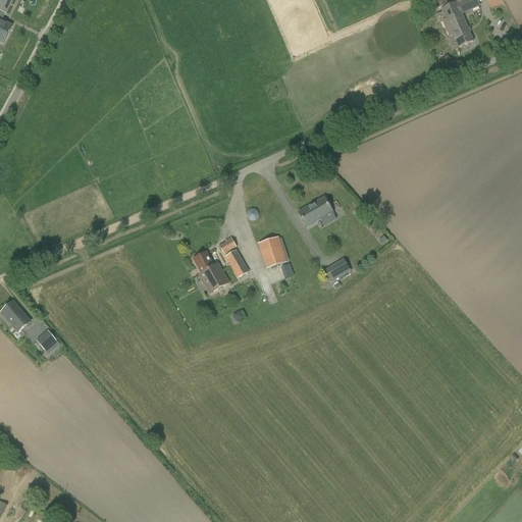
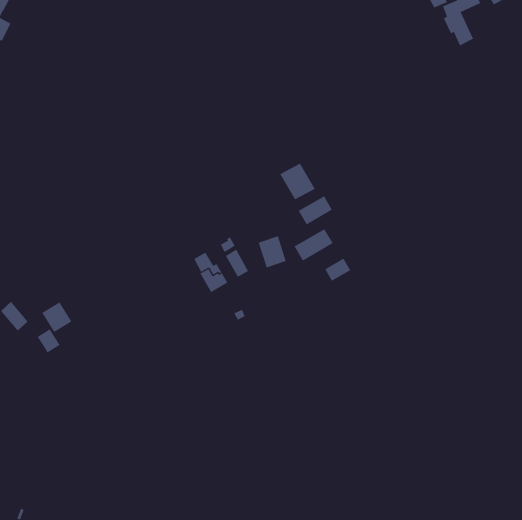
building: none -> [280,163,315,200]
building: none -> [294,228,333,261]
building: none -> [41,301,72,333]

